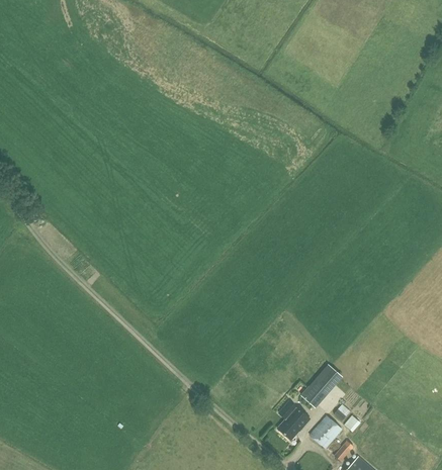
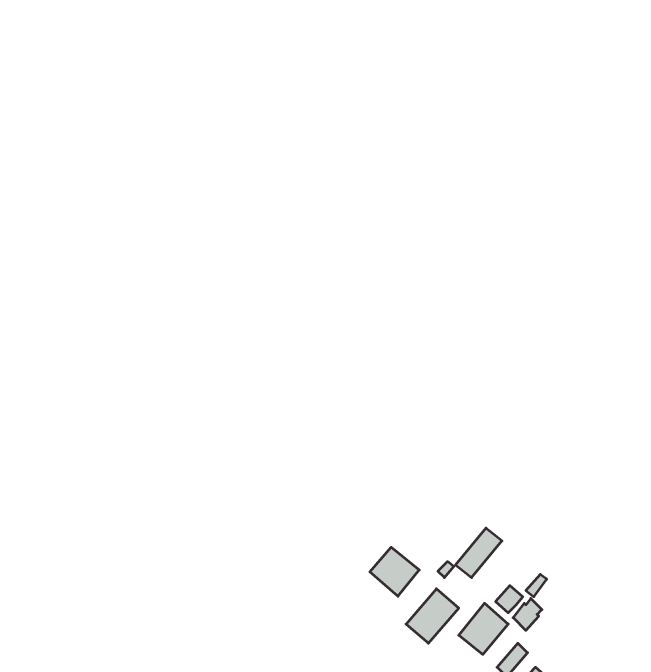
building: none -> [370,547,419,596]

